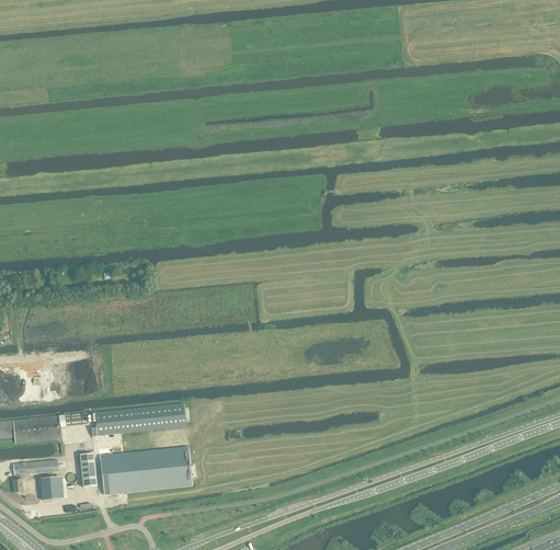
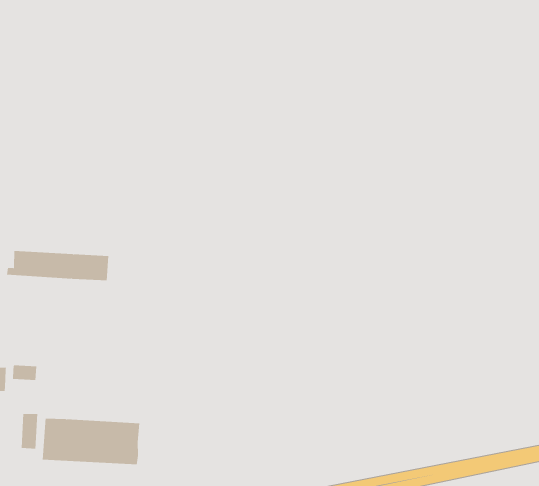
building: [91,402,184,434] -> [6,251,109,281]

